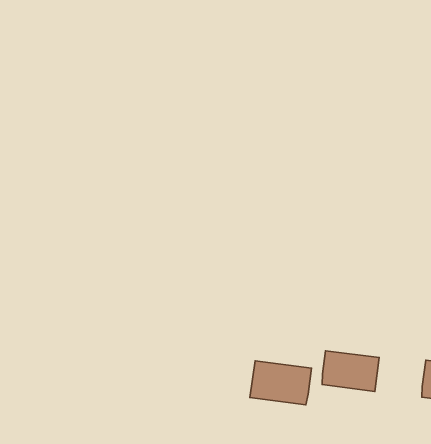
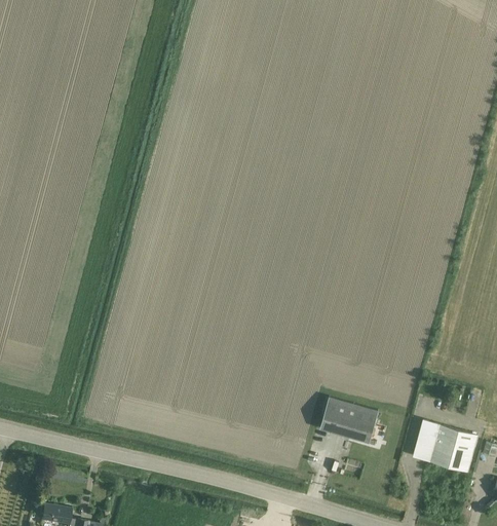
building: [250,361,311,405] -> none

